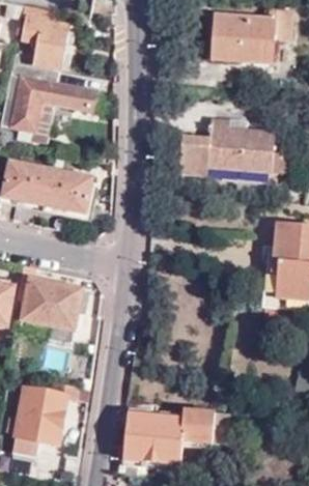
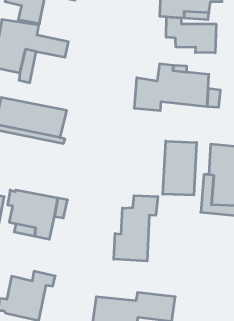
building: none -> [166,17,216,53]
building: none -> [163,141,197,195]
building: none -> [114,196,158,261]

